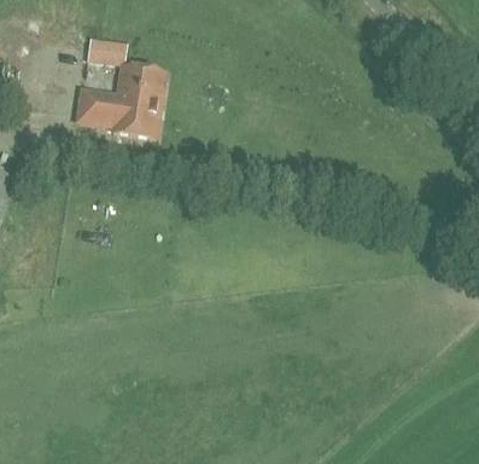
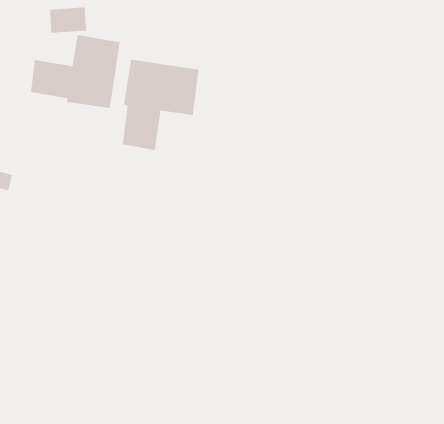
building: none -> [122,59,199,151]

